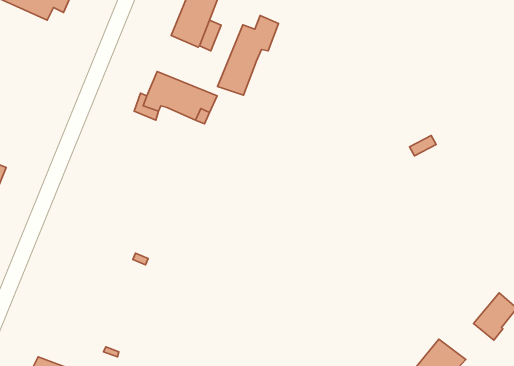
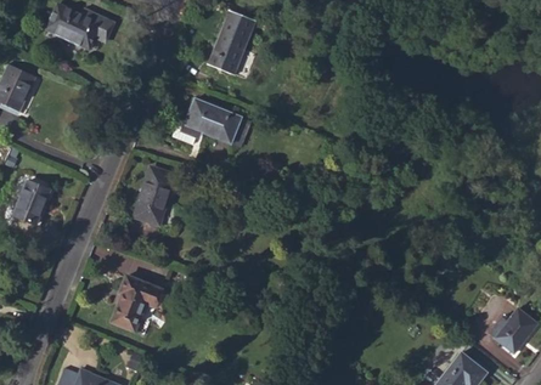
building: [217,15,279,95] -> none
building: none -> [135,168,175,223]
building: none -> [112,274,162,334]

